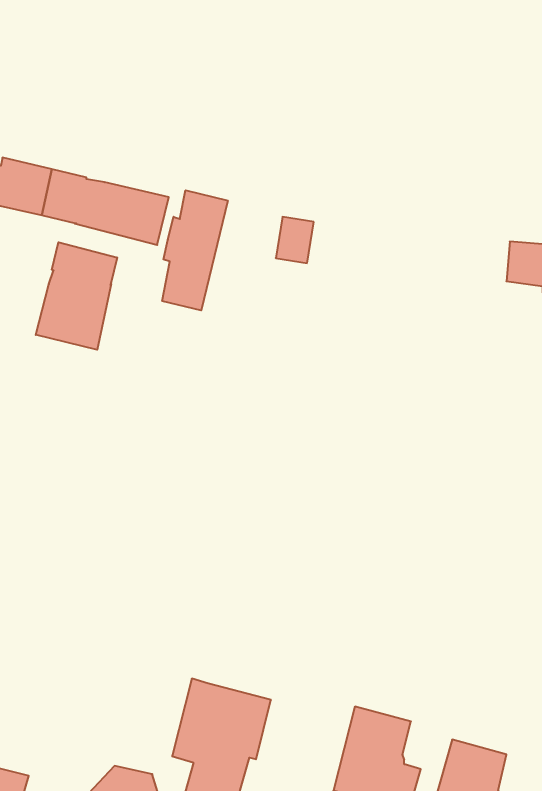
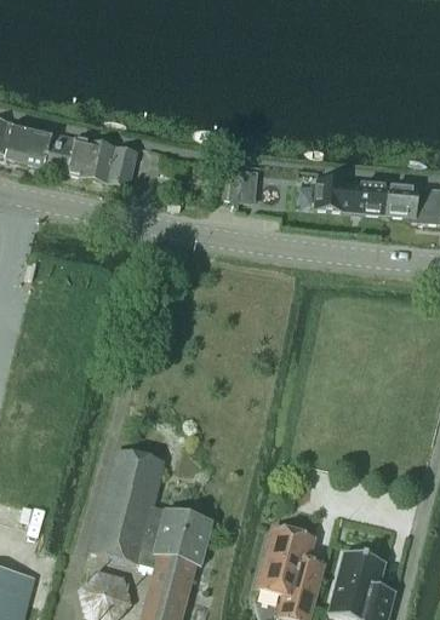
building: [162,190,228,310] -> none
building: none -> [314,177,388,213]
building: [36,242,117,350] -> none
building: none -> [92,447,165,562]

